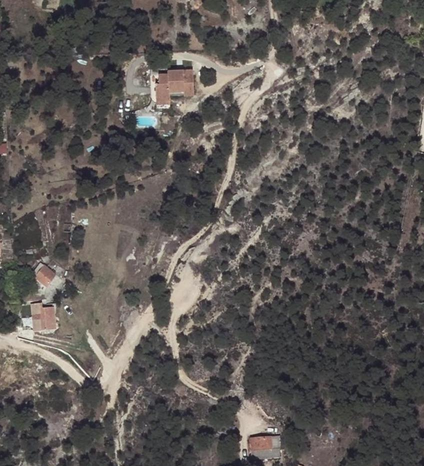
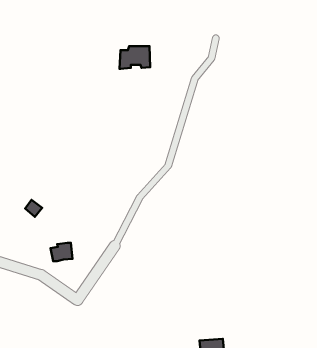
building: [27,304,54,327] -> [51,243,72,261]

